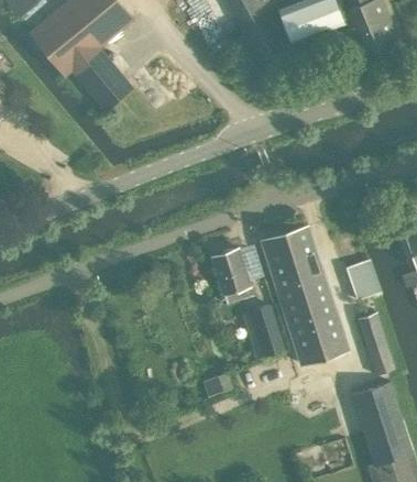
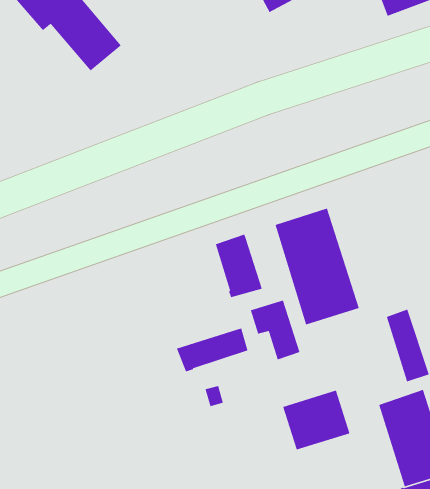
building: [344,259,380,299] -> none
building: [289,311,348,363] -> [282,390,351,451]
building: none -> [176,327,248,372]

